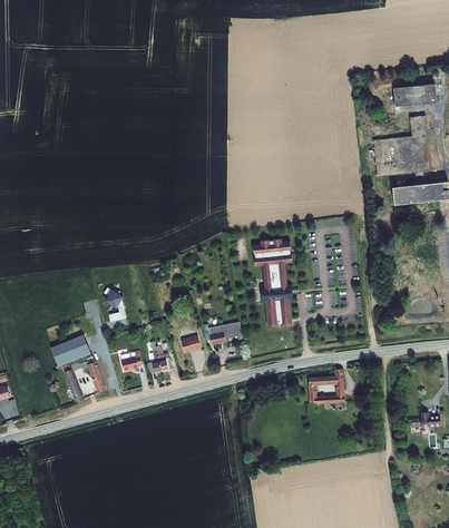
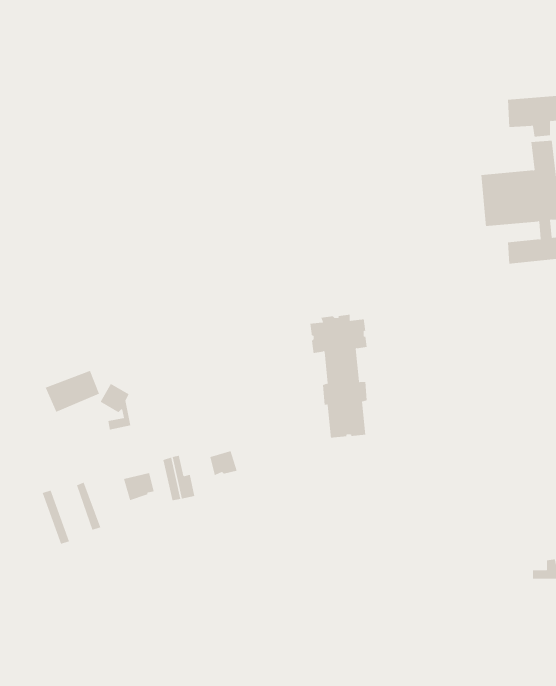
building: [204,323,242,344] -> none
building: [51,335,90,365] -> [45,370,100,412]
building: [310,368,344,404] -> none

